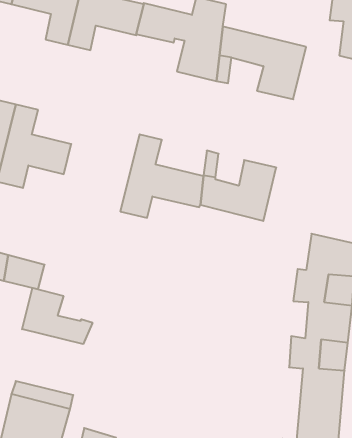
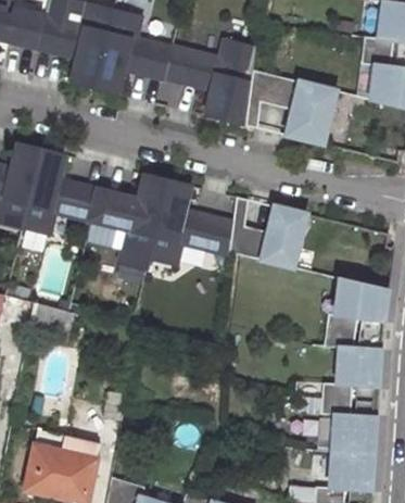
building: none -> [90,174,167,267]
building: [22,288,92,344] -> none

